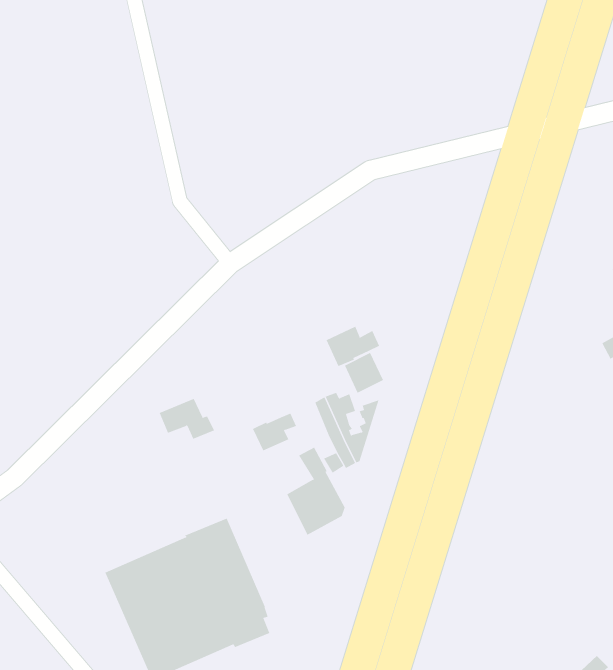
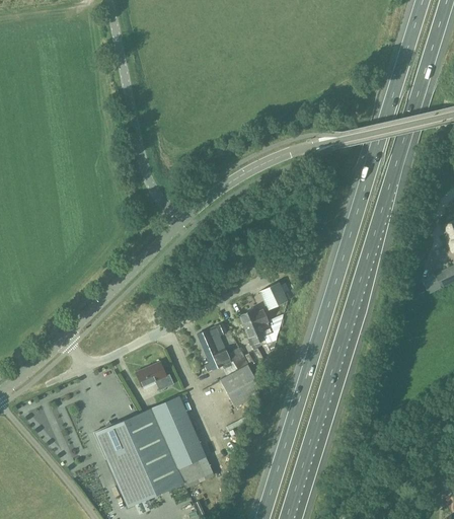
building: [326,326,380,367] -> none
building: [159,398,215,439] -> [137,362,175,390]
building: none -> [205,342,233,372]

